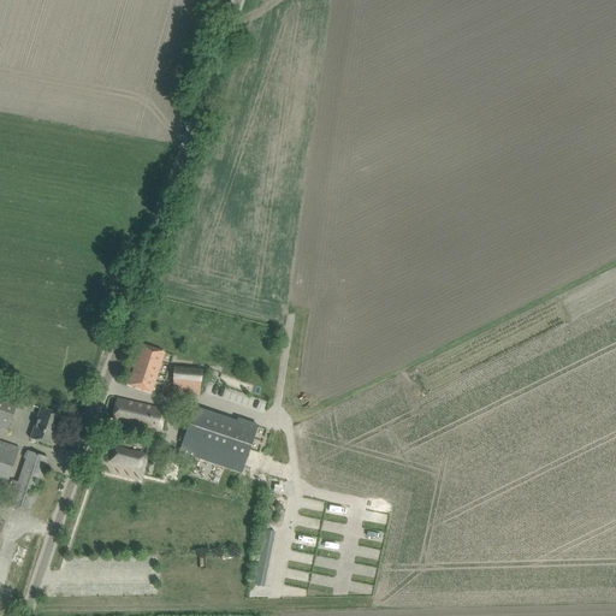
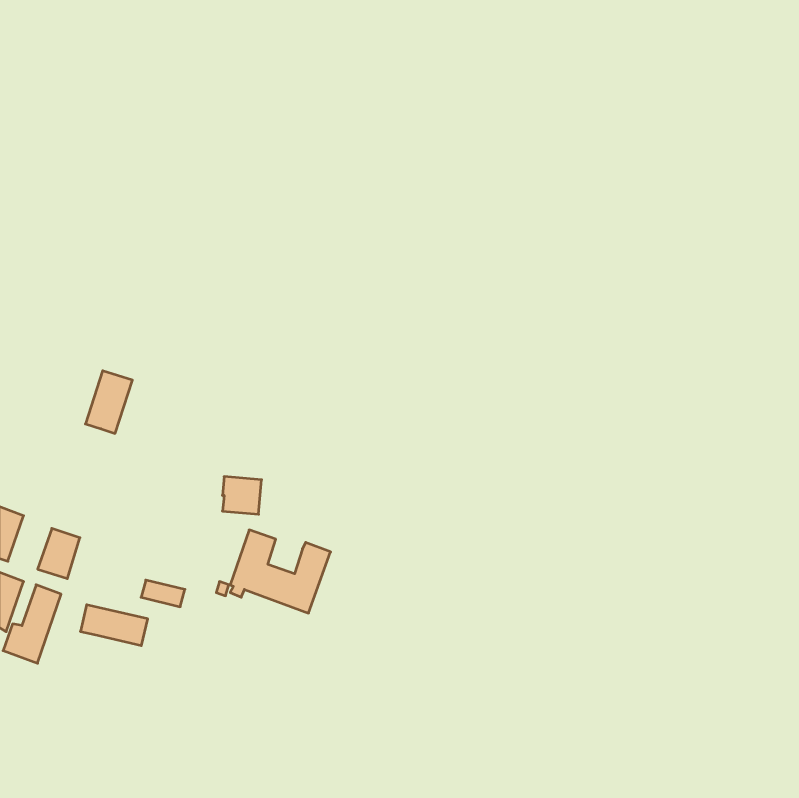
building: [128,342,164,390] -> [85,371,132,433]
building: [112,397,164,428] -> [80,605,148,646]

